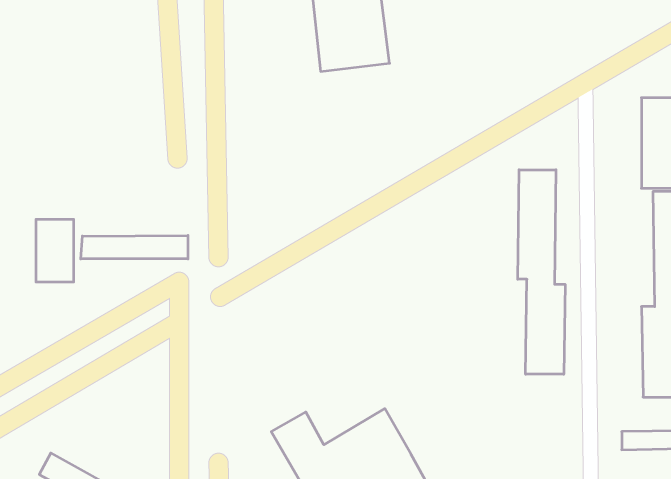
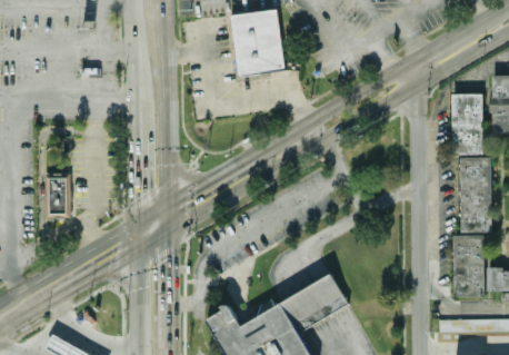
building: [518,170,565,374] -> none
building: [81,235,188,259] -> none
building: none -> [279,276,347,335]

